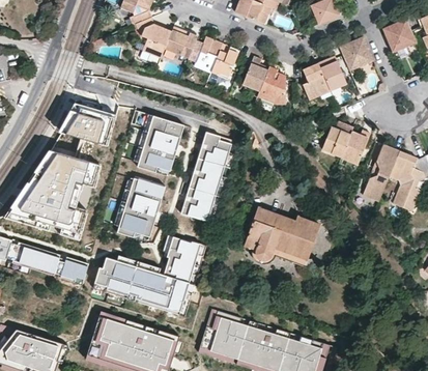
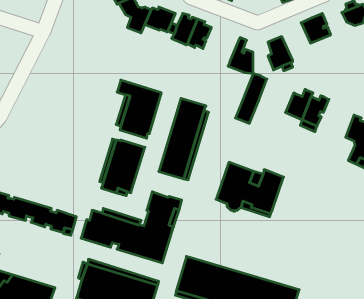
building: [318,55,346,89] -> none
building: [244,57,268,90] -> none
building: [7,101,119,238] -> none
building: [364,144,399,200] -> [235,74,267,123]

